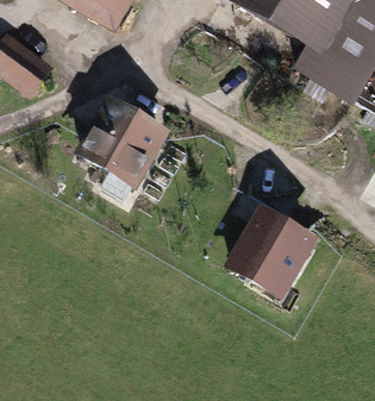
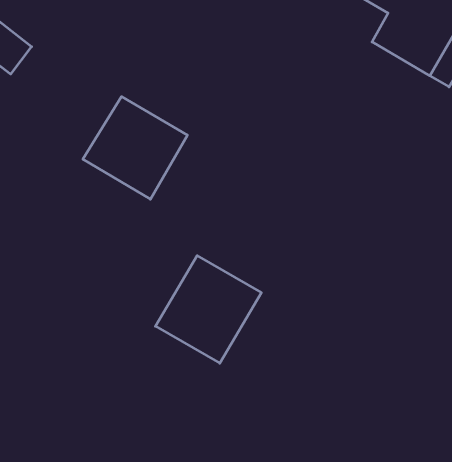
building: [230,213,308,293] -> [155,256,261,363]

